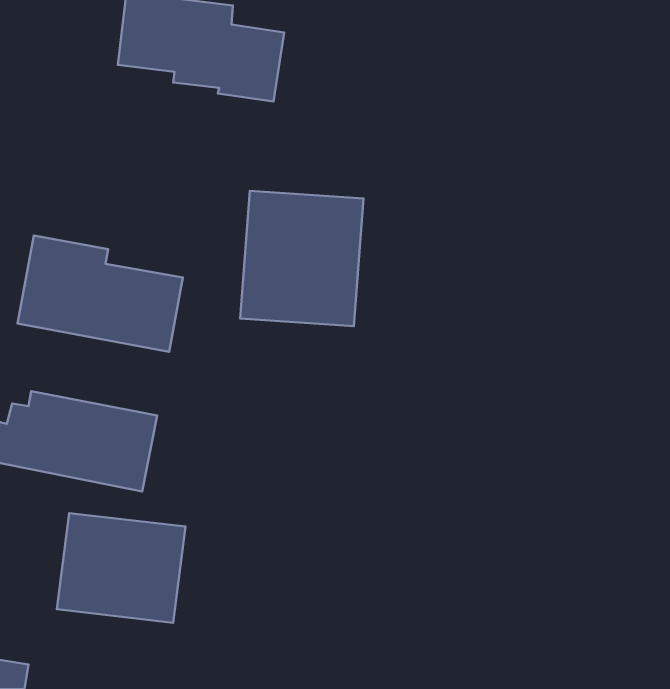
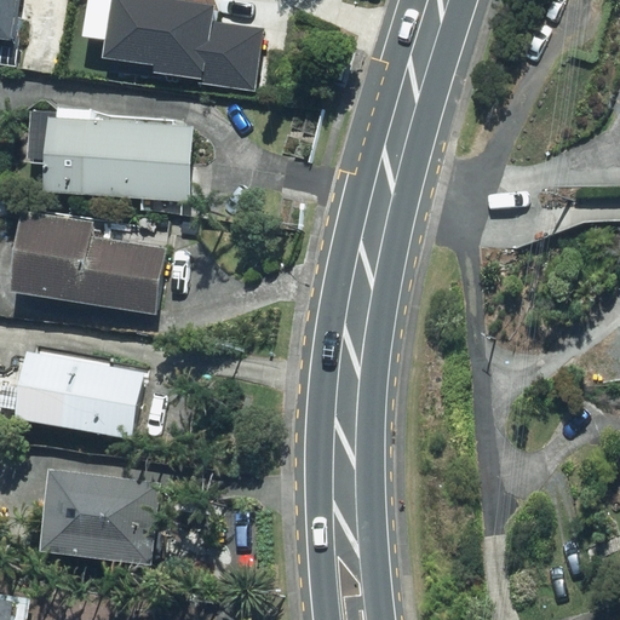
building: none -> [40,115,189,201]
building: [240,191,364,326] -> none

